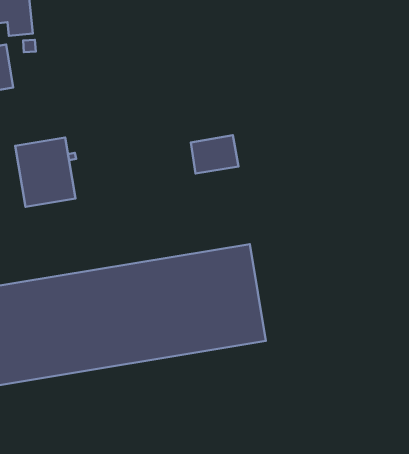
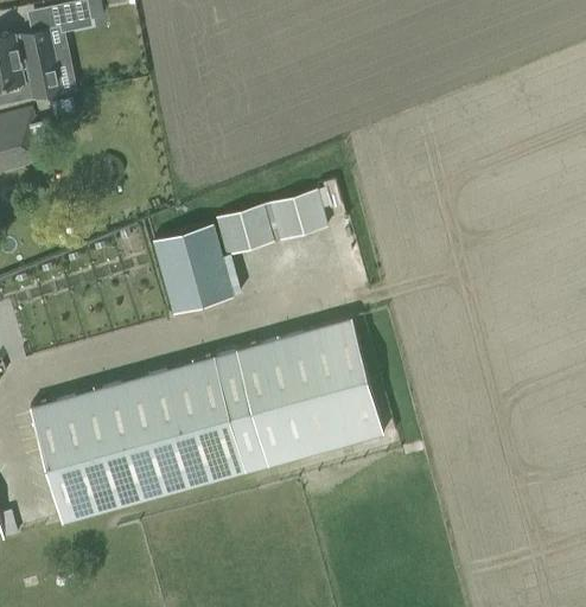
building: [15,138,75,207] -> [152,225,231,314]
building: none -> [215,205,275,256]

